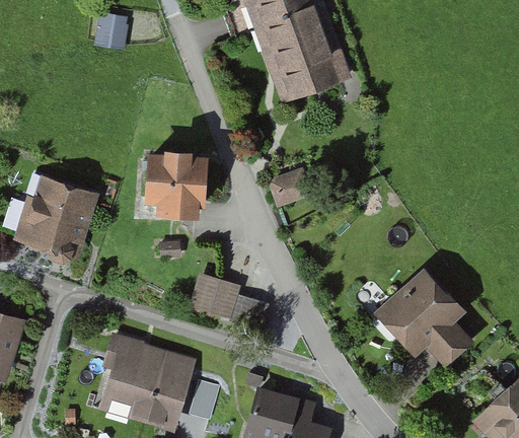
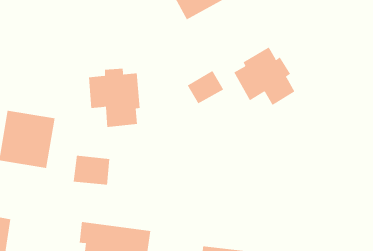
building: none -> [233,47,295,106]
building: [373,267,472,367] -> none
building: [189,275,239,318] -> [73,155,110,185]

